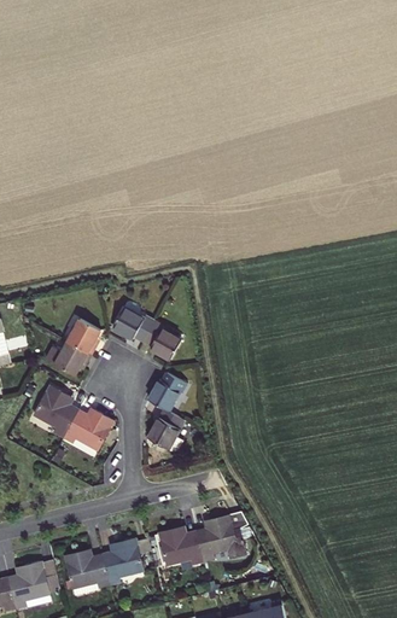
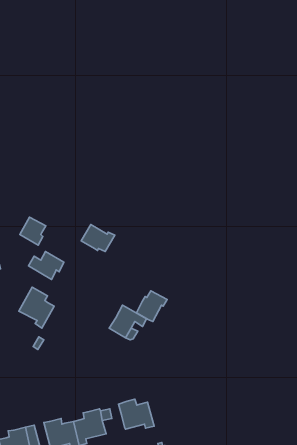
building: [66,319,99,354] -> [20,217,46,245]
building: [141,320,180,360] -> none
building: [147,372,186,410] -> [136,291,167,322]
building: [62,409,112,449] -> none
building: [194,511,247,560] -> none

